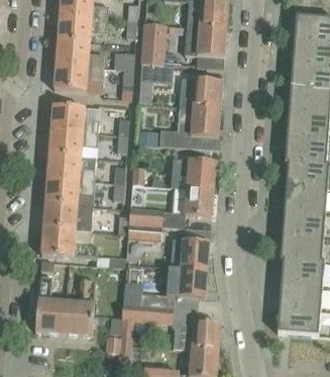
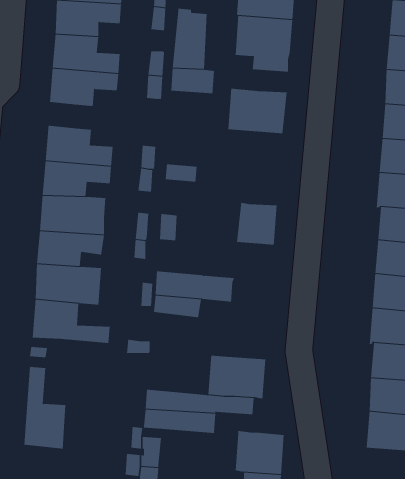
building: [159,107,219,150] -> none
building: [173,186,213,217] -> none
building: [171,239,209,270] -> none
building: [64,280,96,336] -> none

